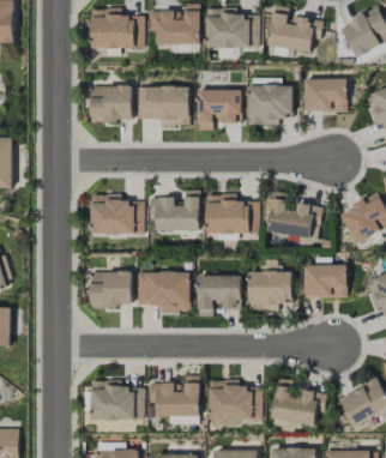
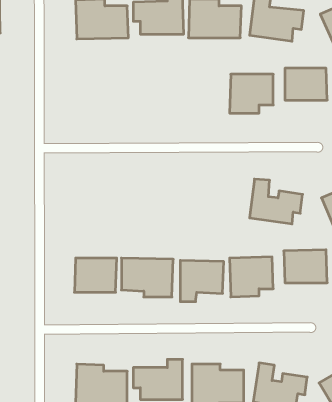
building: [90,86,132,122] -> none
building: [137,86,189,126] -> none
building: [197,90,240,131] -> none
building: [149,189,199,231] -> none
building: [90,194,144,234] -> none
building: [205,194,259,236] -> none

